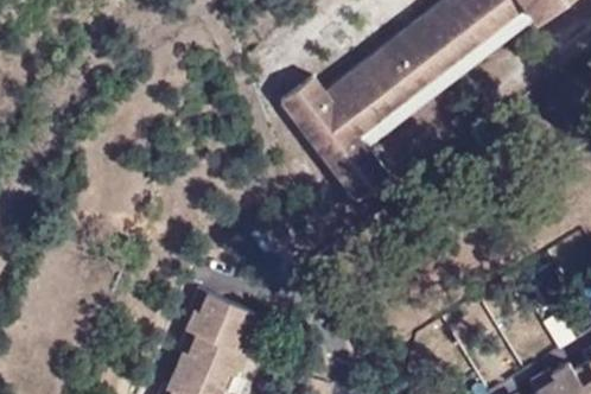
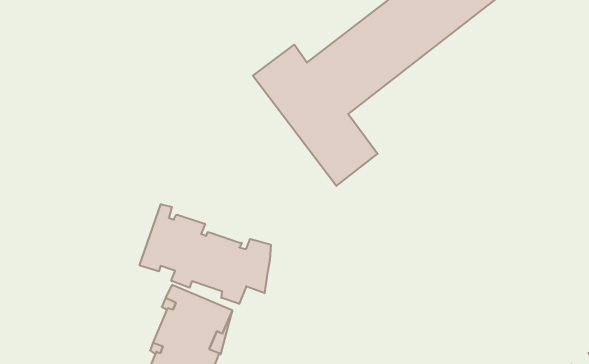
building: none -> [140,204,271,304]

